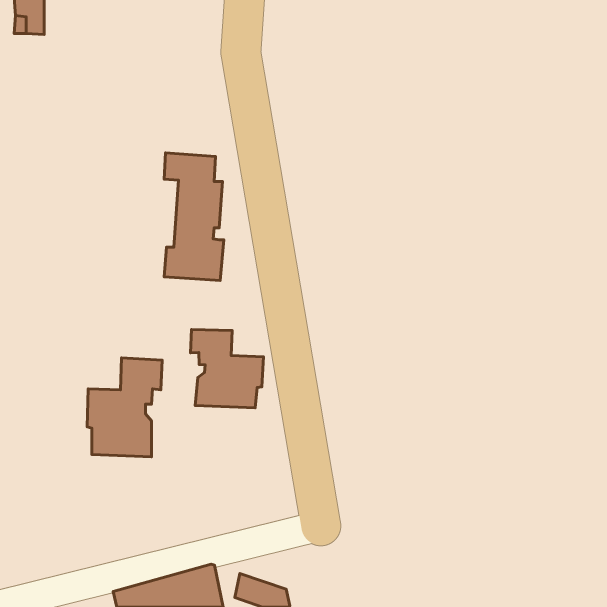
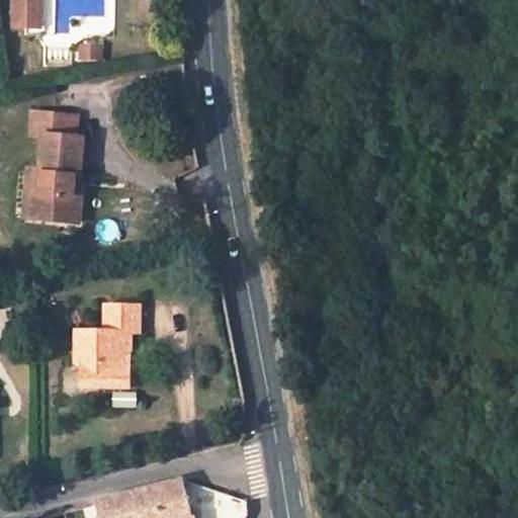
building: [164,153,224,280] -> [30,114,81,223]
building: [191,329,263,408] -> none

